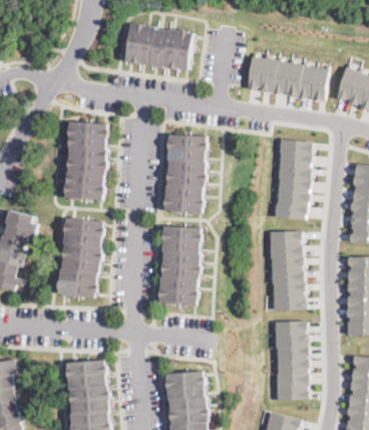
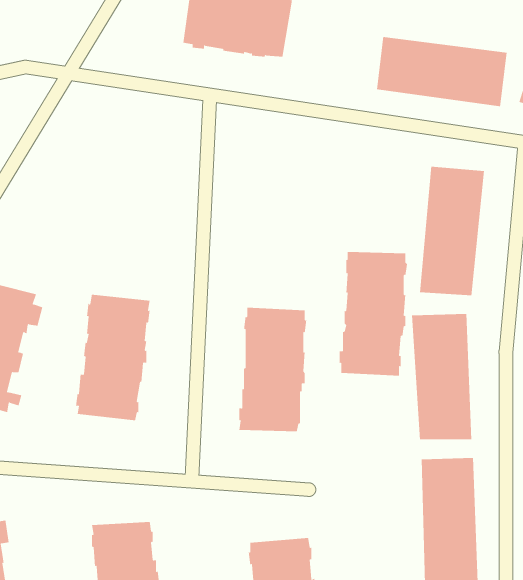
building: [65,124,107,201] -> none
building: [164,135,208,213] -> [339,251,408,376]

